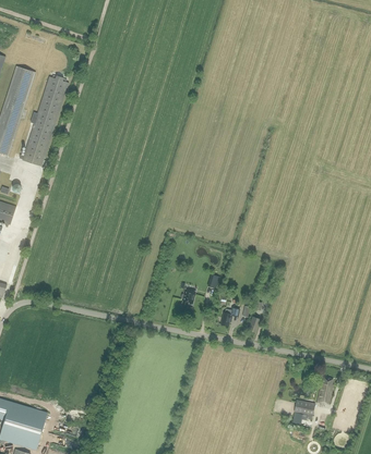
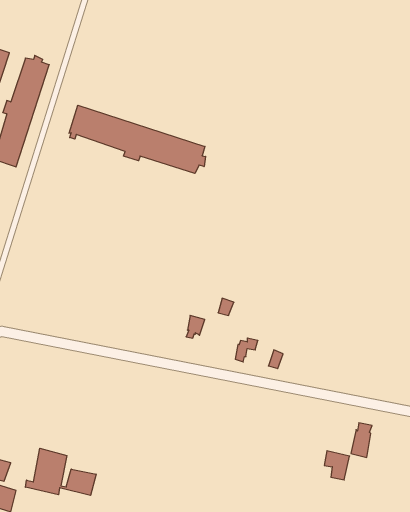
building: none -> [69,105,206,173]
building: none -> [25,448,96,495]

